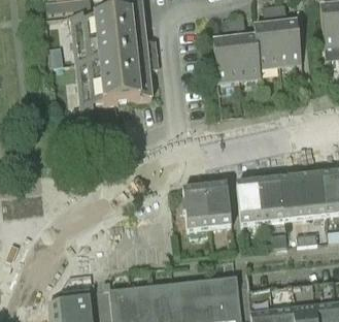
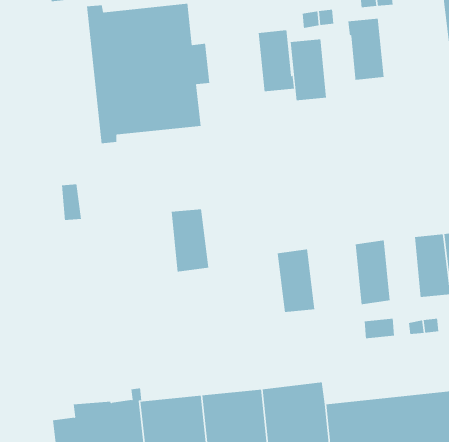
building: [276,21,302,64] -> none
building: [236,35,262,78] -> [258,30,295,92]
building: [280,175,305,220] -> none
building: [237,181,264,225] -> none
building: [183,187,210,231] -> [171,209,209,272]

